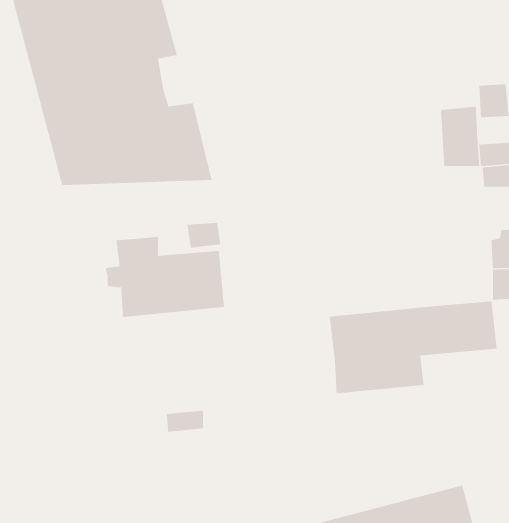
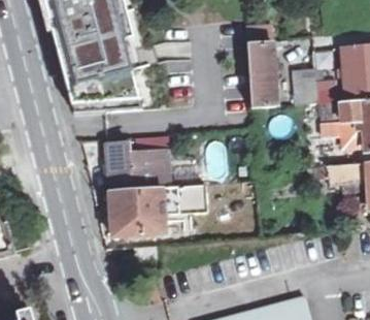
building: none -> [245,38,290,105]
building: [329,300,497,394] -> [105,183,205,238]

